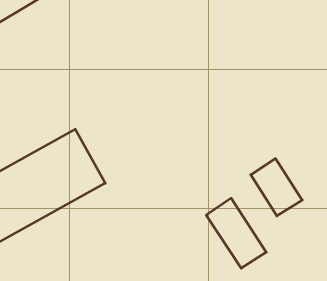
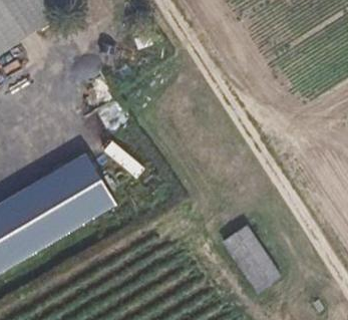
building: [251,159,302,216] -> none

